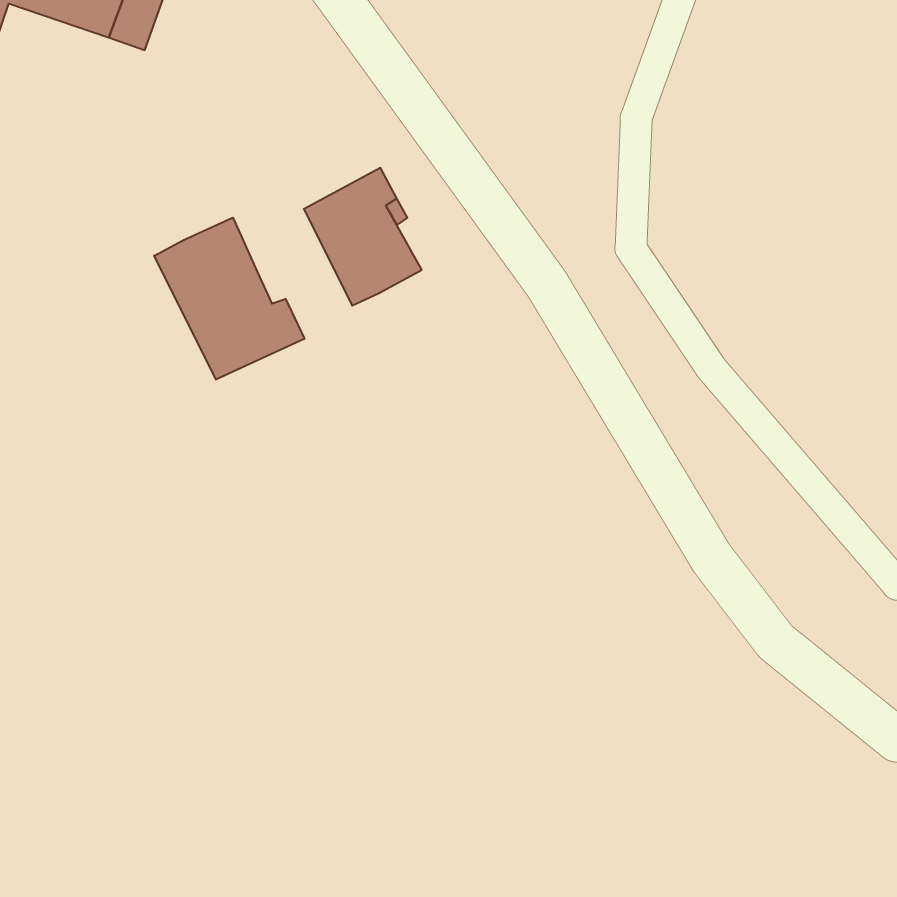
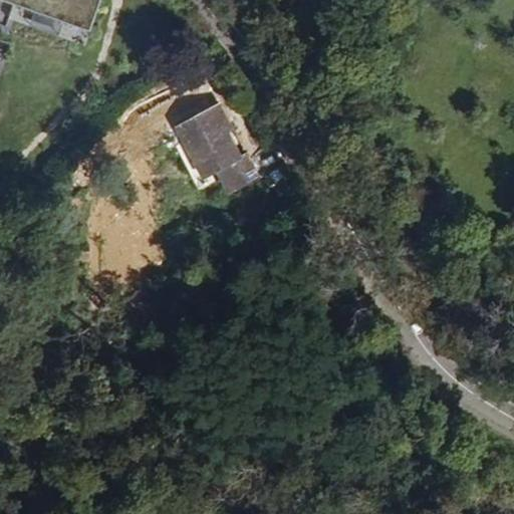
building: [154,218,304,380] -> none
building: none -> [213,149,255,188]

